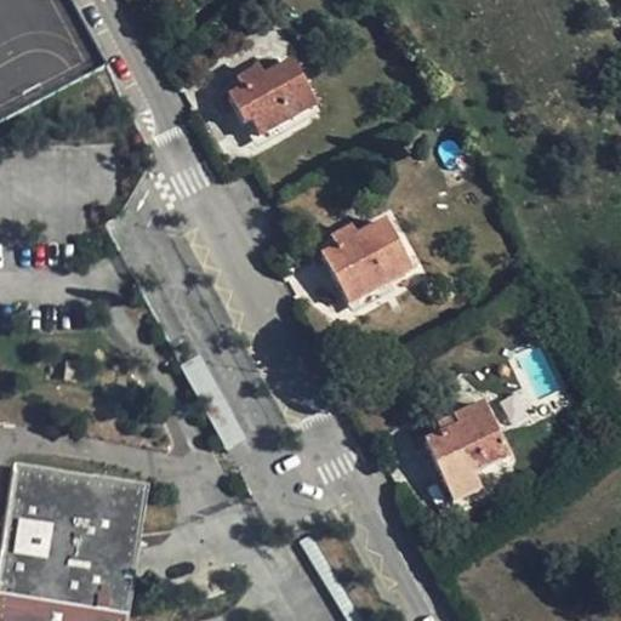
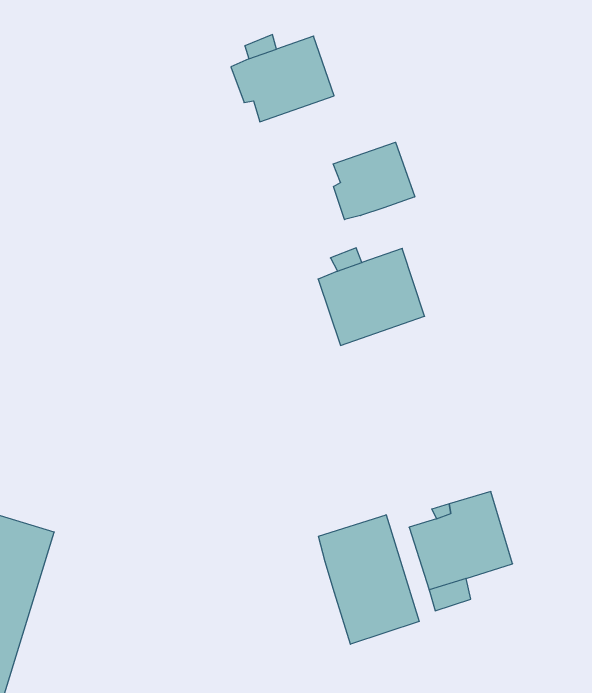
building: none -> [333,142,415,220]
building: none -> [318,515,419,644]

